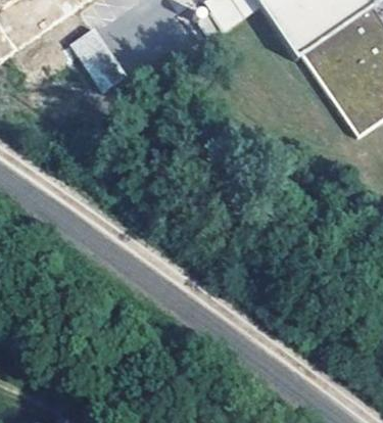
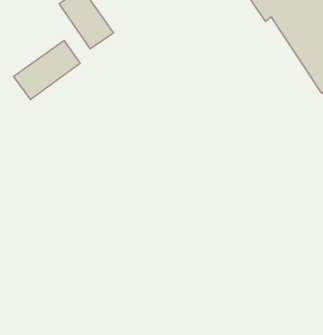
building: none -> [14,40,80,99]

